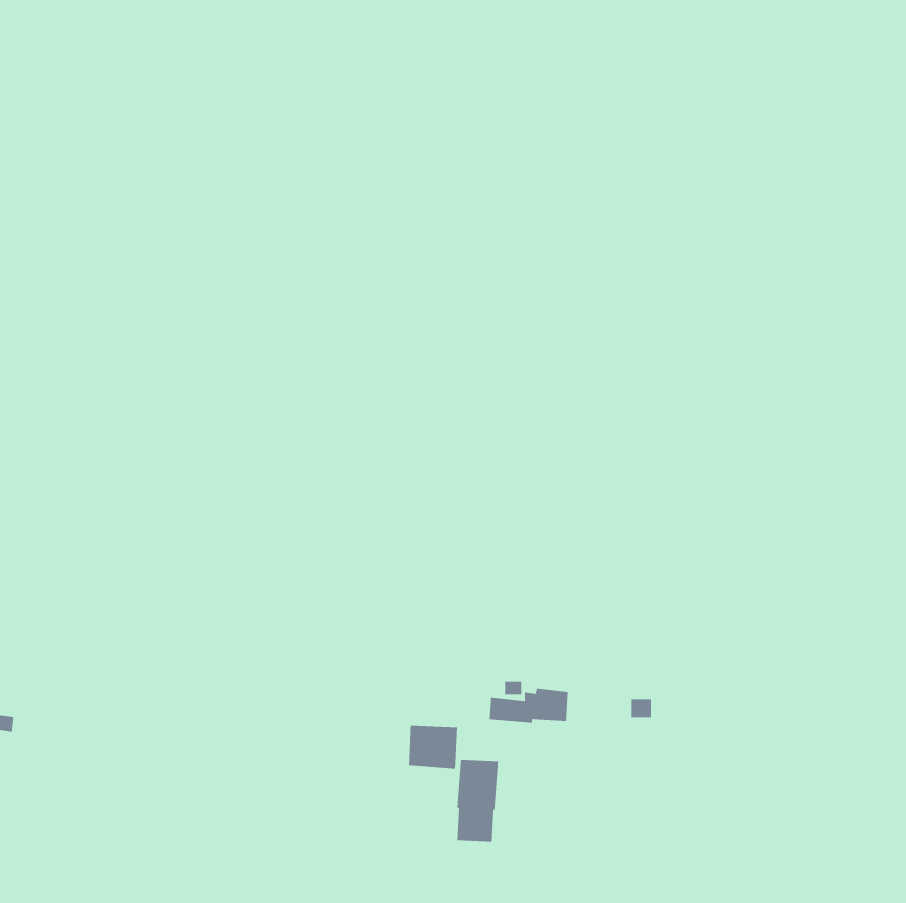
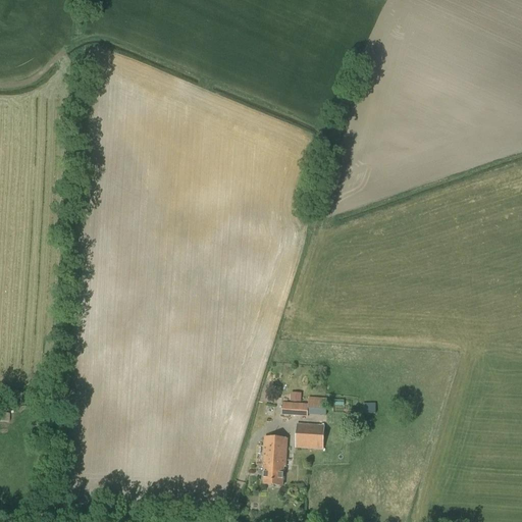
building: [408,725,458,769] -> [295,422,323,448]

